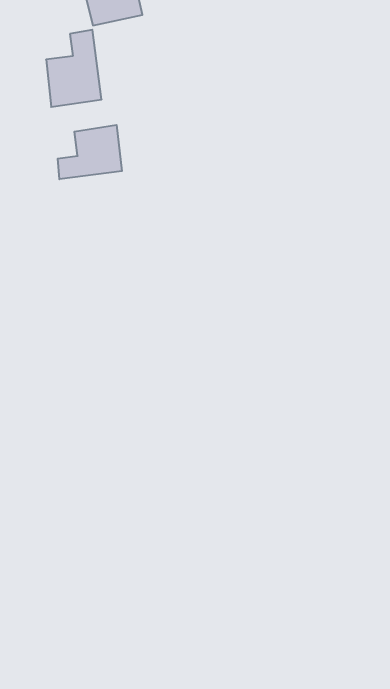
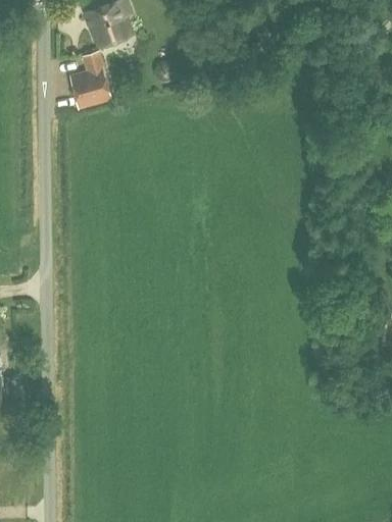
building: [58,125,122,179] -> none

